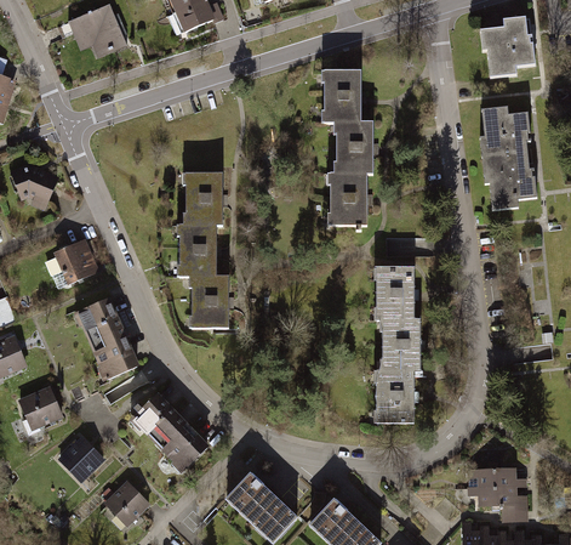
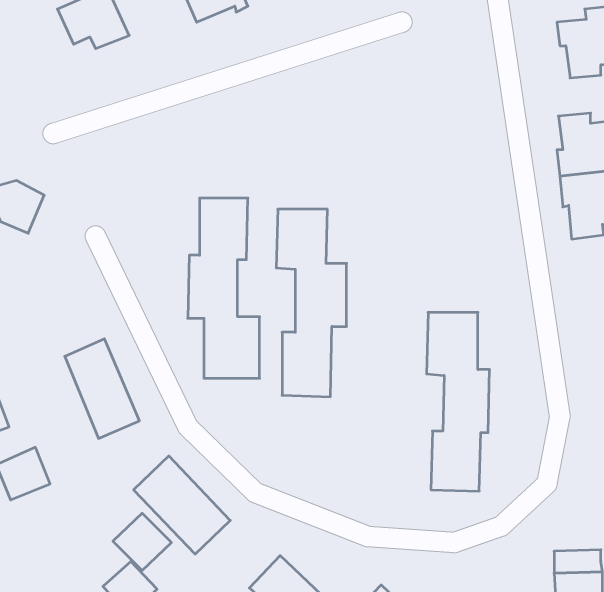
building: [320,73,378,228] -> [276,209,347,397]
building: [52,238,98,283] -> none
building: [55,432,103,479] -> [113,513,171,570]

